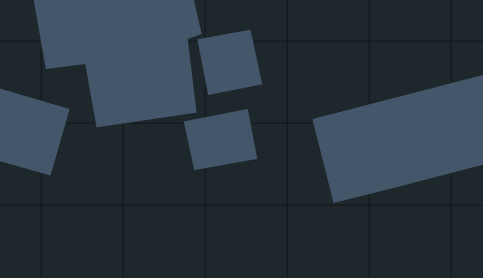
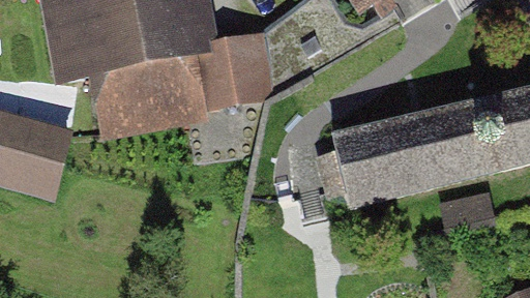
building: [183,108,258,171] -> none

